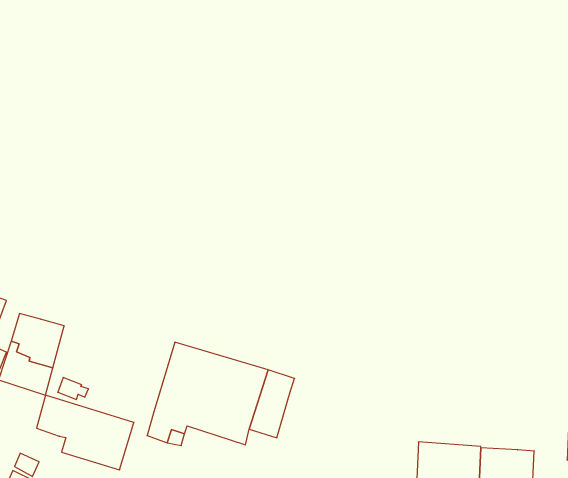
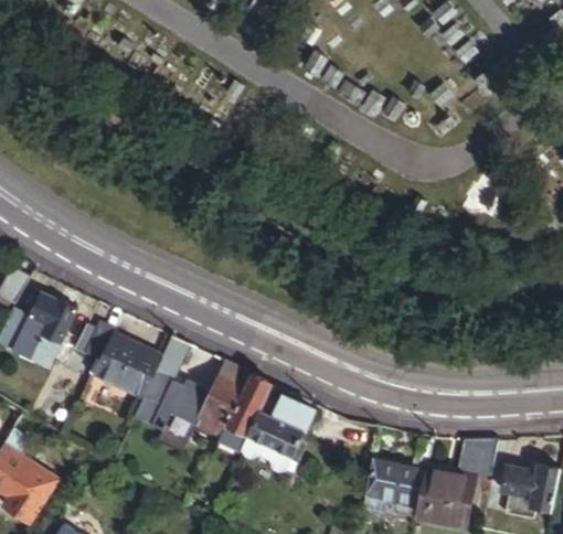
building: none -> [241,396,314,471]
building: [37,395,134,470] -> [76,321,162,396]
building: none -> [458,439,499,480]

